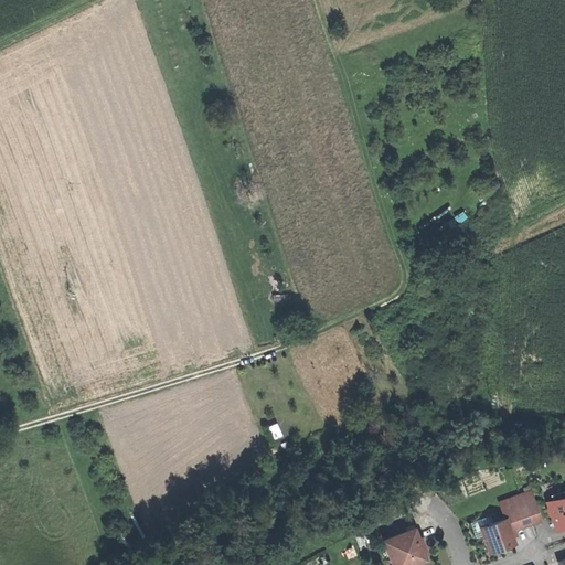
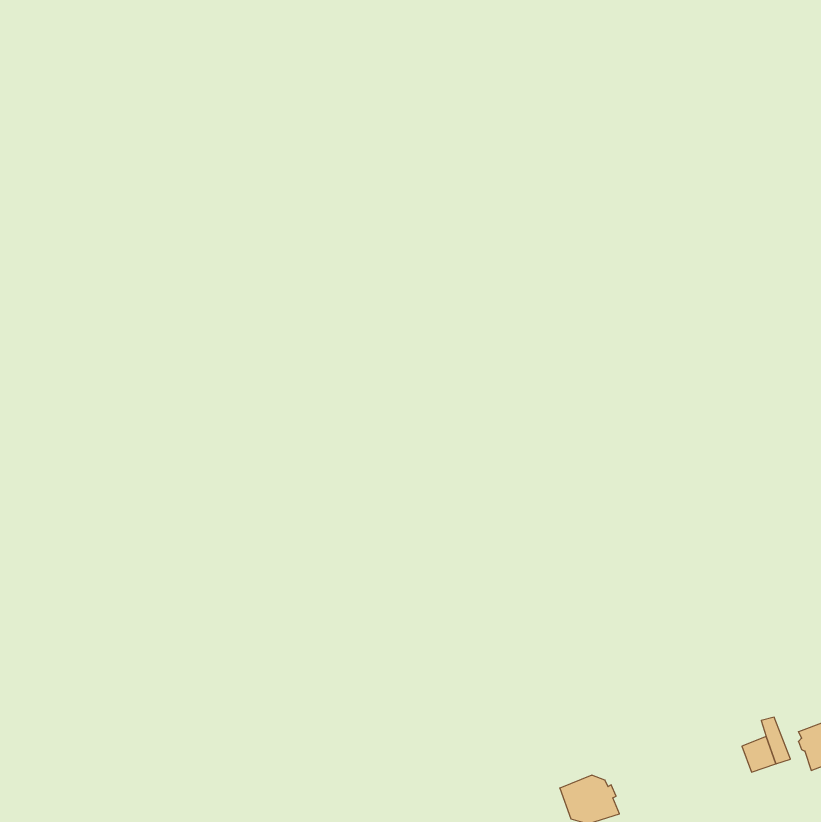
building: [482,520,514,552] -> none

